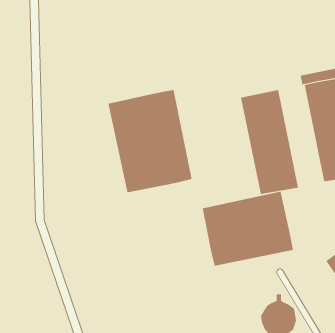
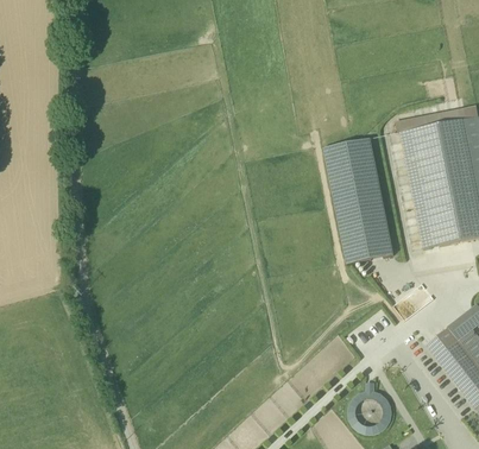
building: [108,89,192,193] -> none
building: [202,191,294,267] -> none

